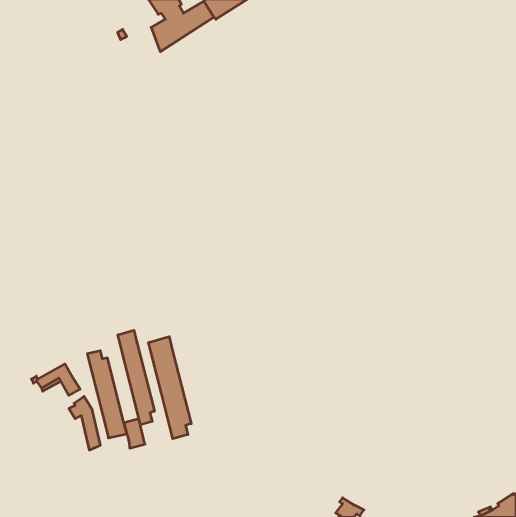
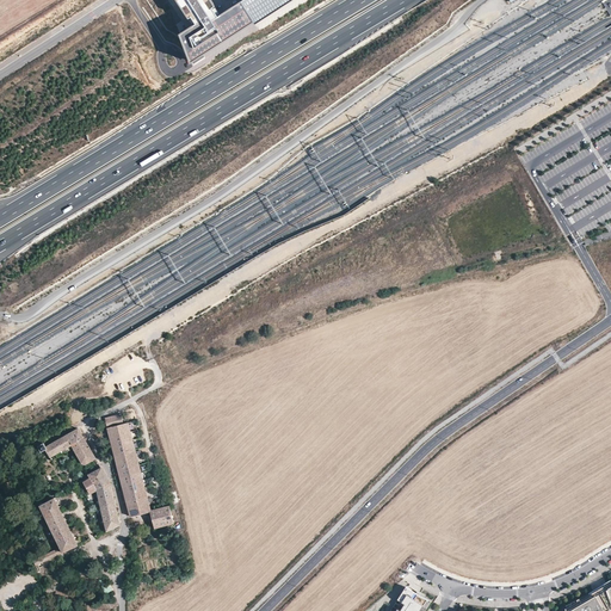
building: [118,330,154,425] -> none
building: [148,337,191,439] -> none
building: none -> [31,498,76,567]

